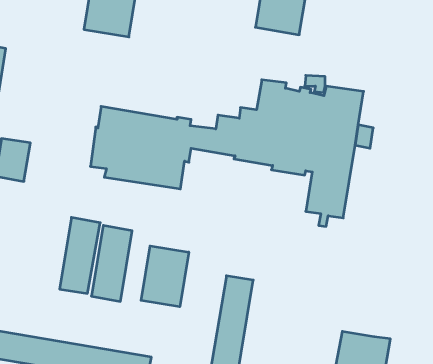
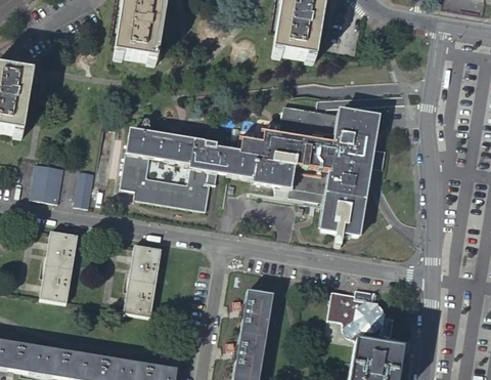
building: none -> [71,168,91,207]
building: [60,217,100,293] -> [36,229,75,302]
building: [141,246,189,307] -> none
building: none -> [329,290,397,350]

